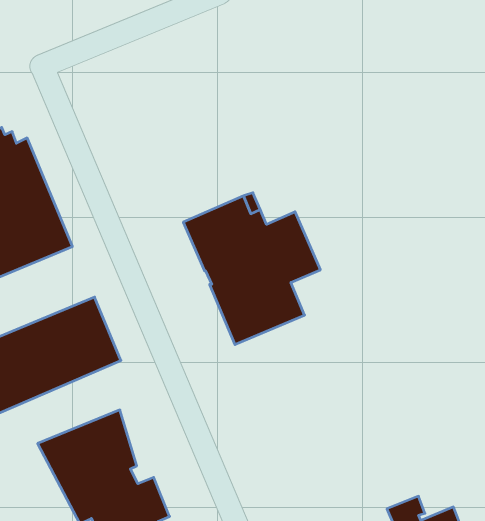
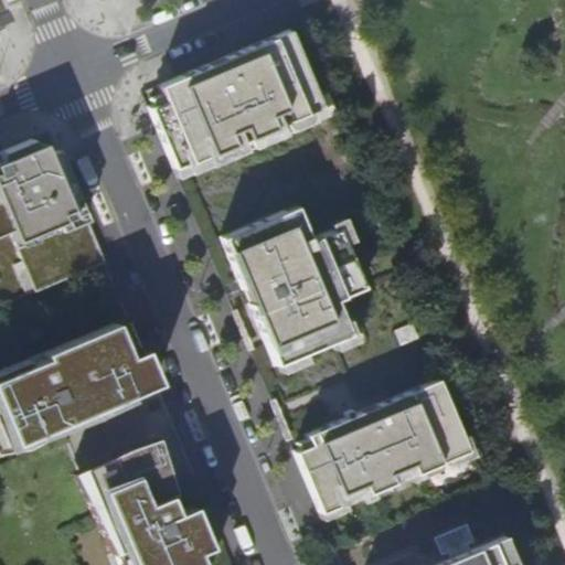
building: none -> [153,33,330,171]
building: none -> [300,383,473,516]

